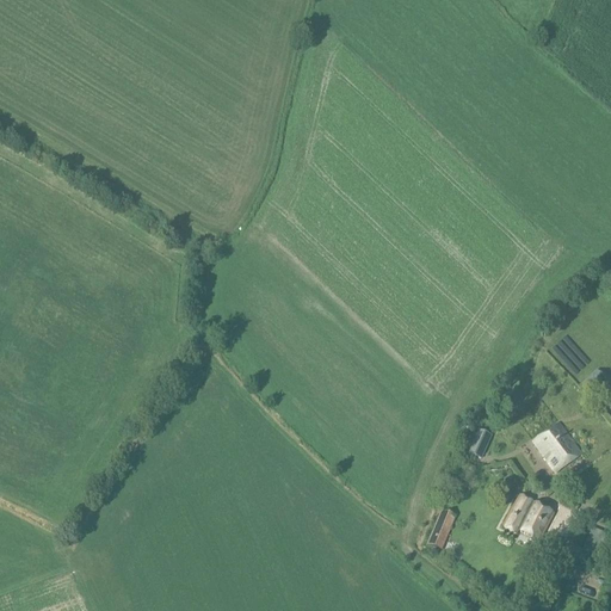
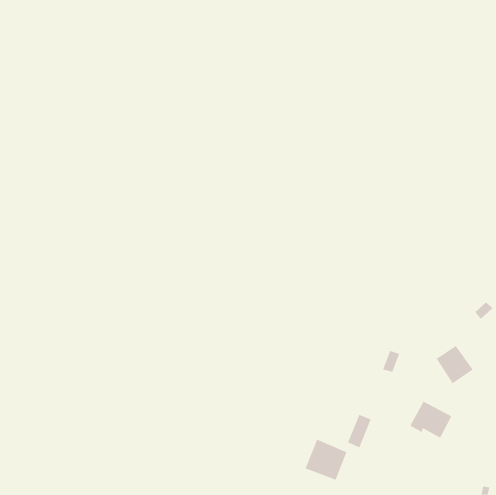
building: none -> [305,439,347,480]

